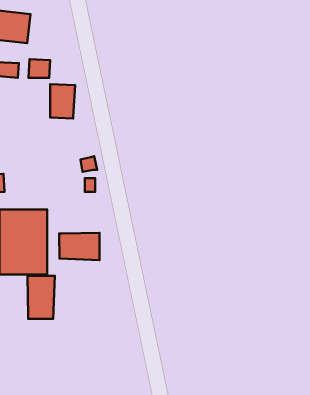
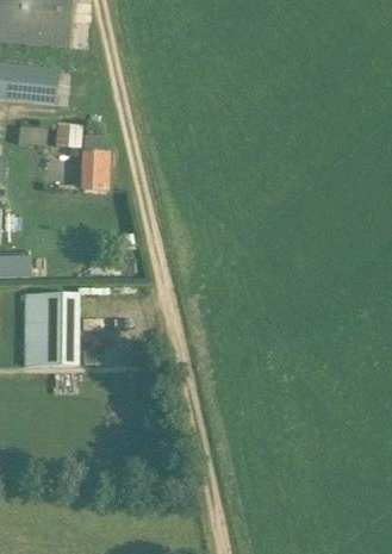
building: [59,233,99,260] -> none
building: [27,276,55,319] -> none

